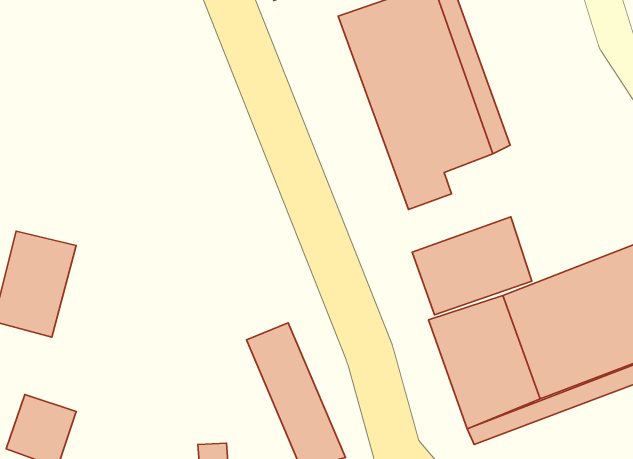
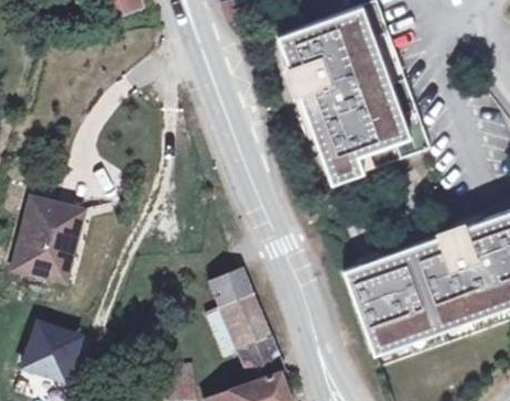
building: [412,217,532,315] -> none

